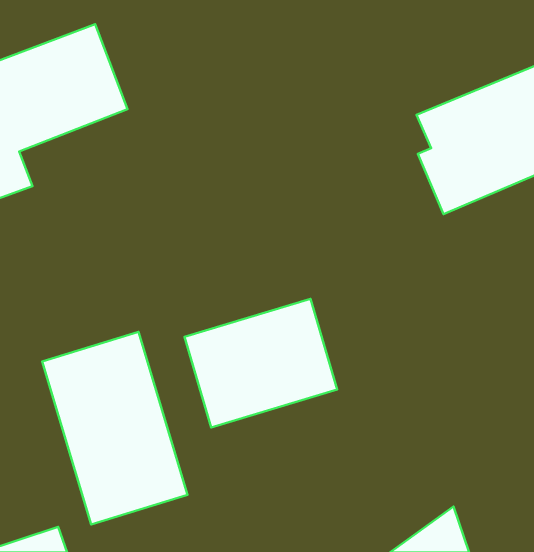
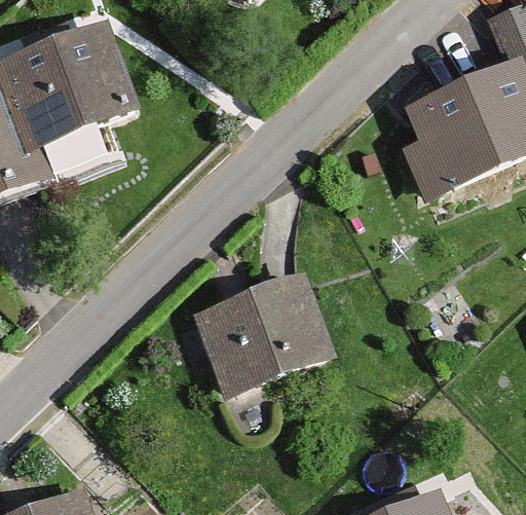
building: [42,332,188,524] -> none

